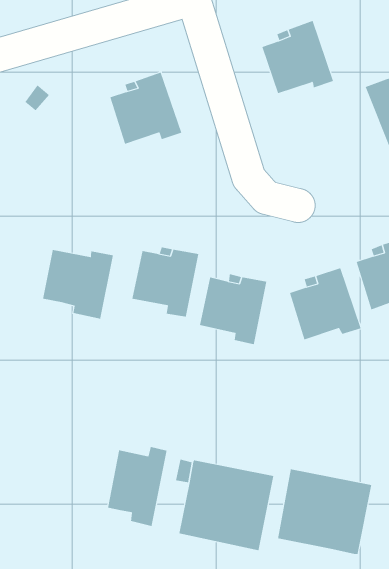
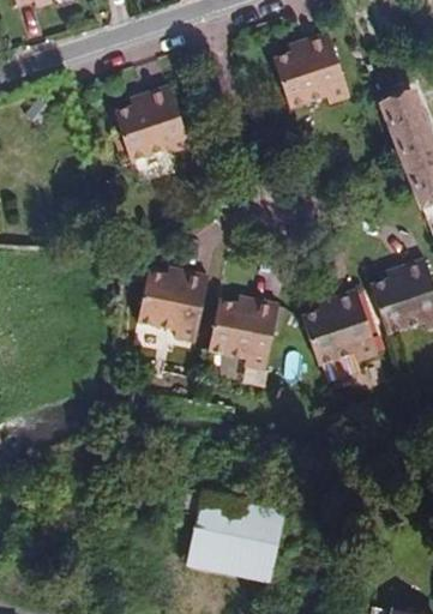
building: [43,249,113,320] -> none
building: [108,446,167,527] -> none
building: [278,468,372,555] -> none

